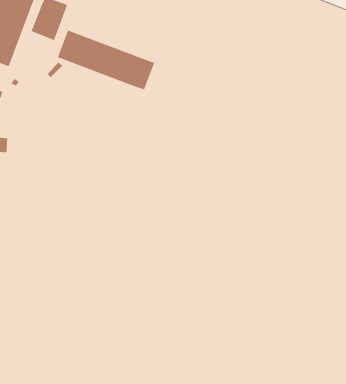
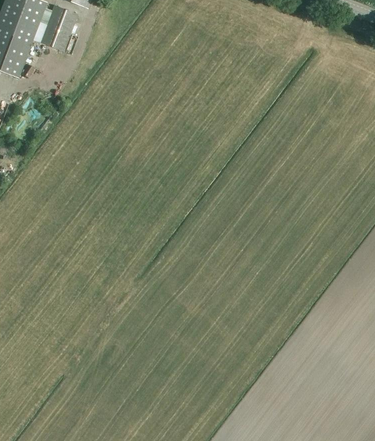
building: [57,30,155,90] -> none

